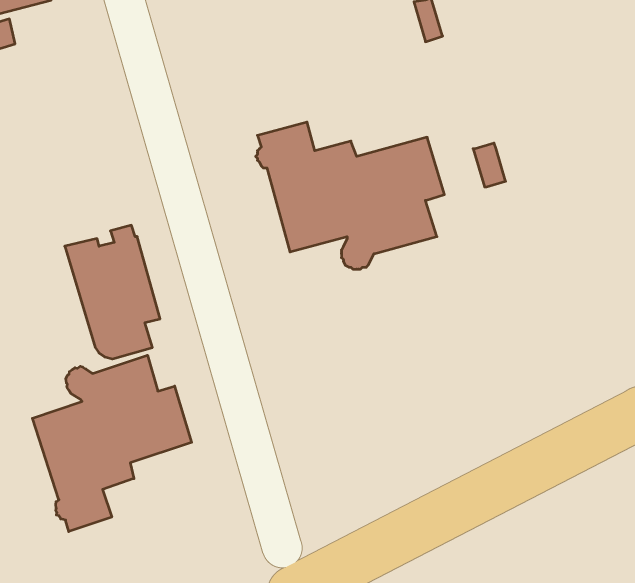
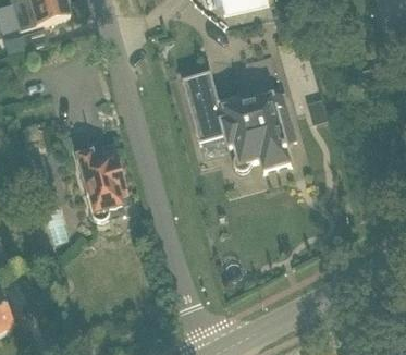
building: [32,355,192,532] -> none

